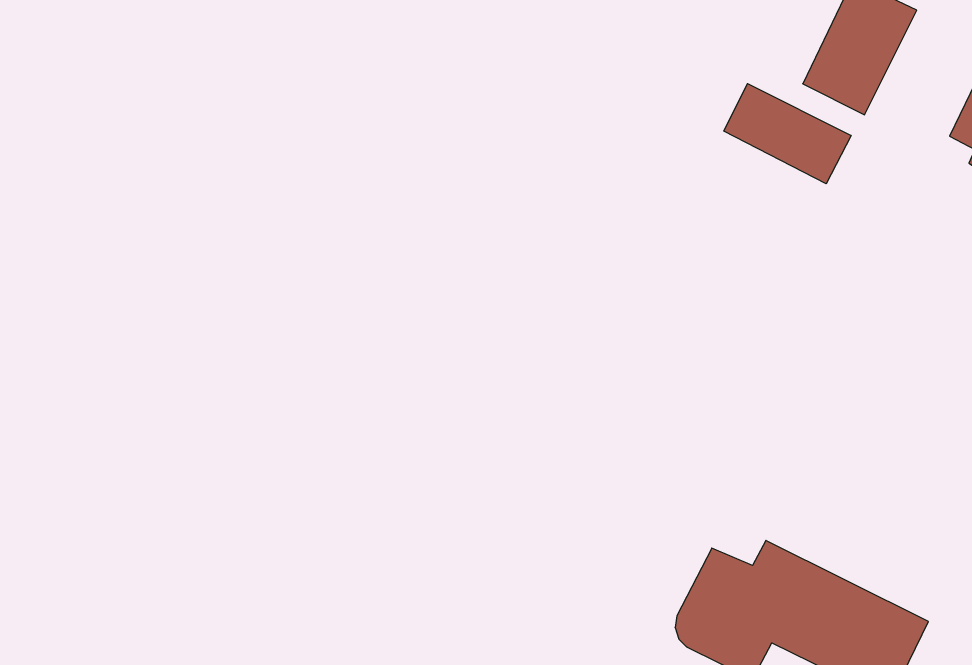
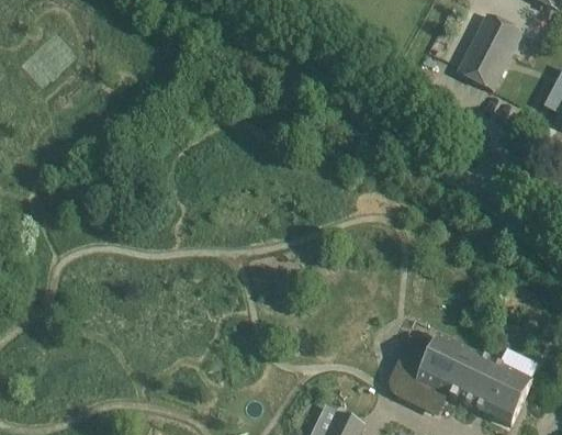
building: [724,84,851,184] -> none

